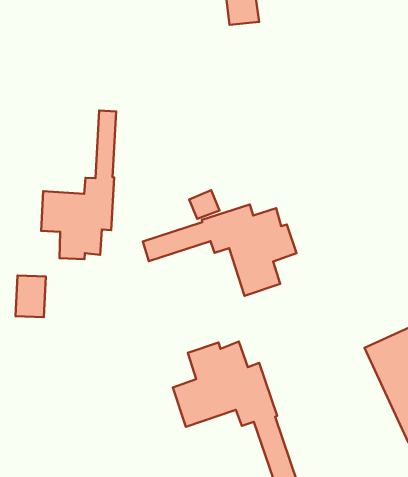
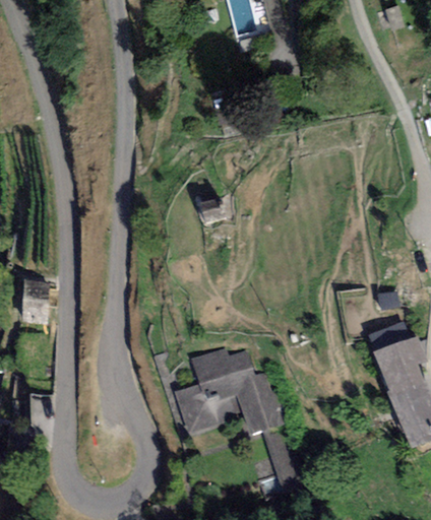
building: [41,110,116,259] -> none
building: [143,205,296,296] -> none

